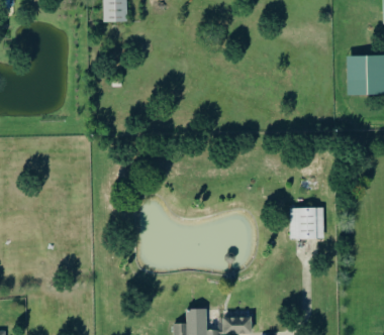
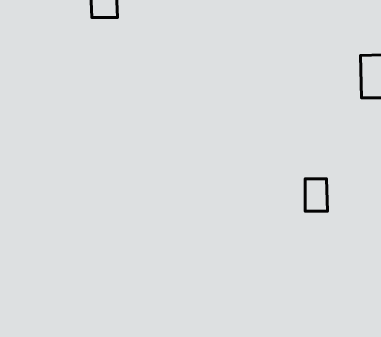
building: [296,208,316,237] -> [305,179,327,211]

